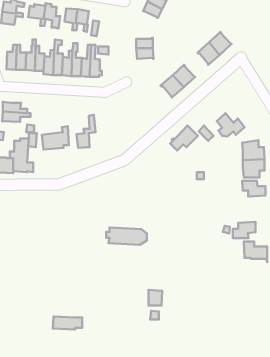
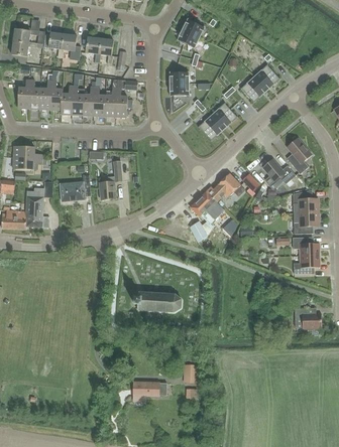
building: none -> [286,137,311,173]
building: none -> [189,185,226,241]
building: [233,222,255,238] -> [293,254,319,273]
building: [53,317,82,330] -> [132,381,166,396]

